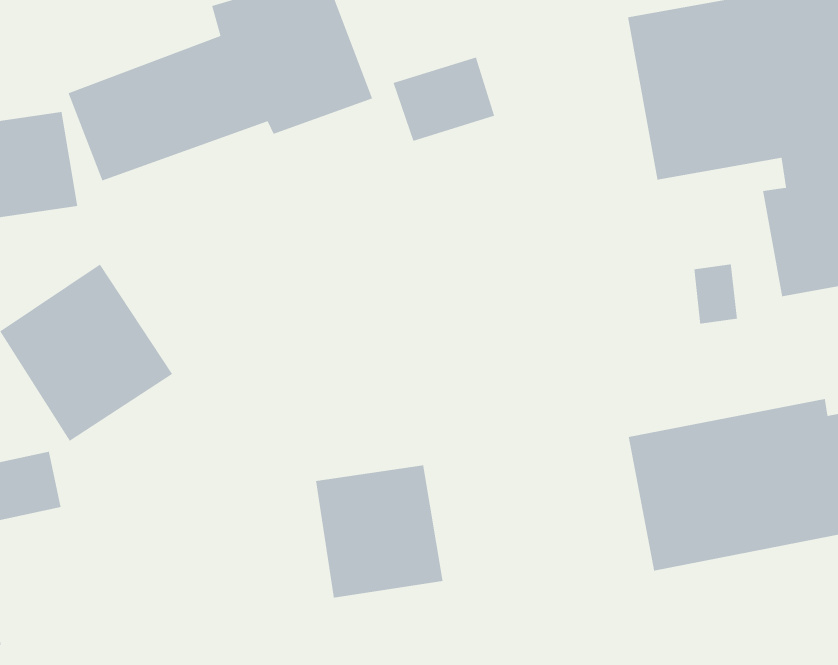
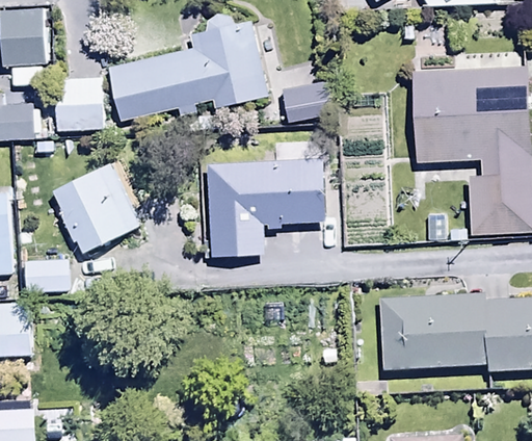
building: none -> [204,159,326,256]
building: [315,465,443,599] -> none

